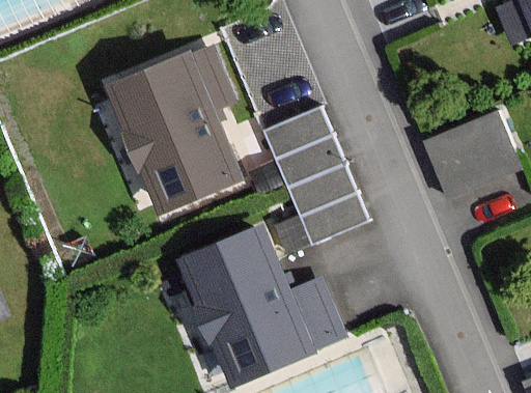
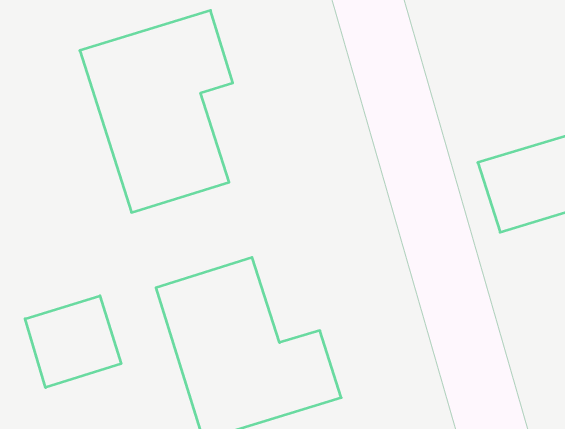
building: [268,110,363,240] -> none
building: none -> [25,296,121,388]

